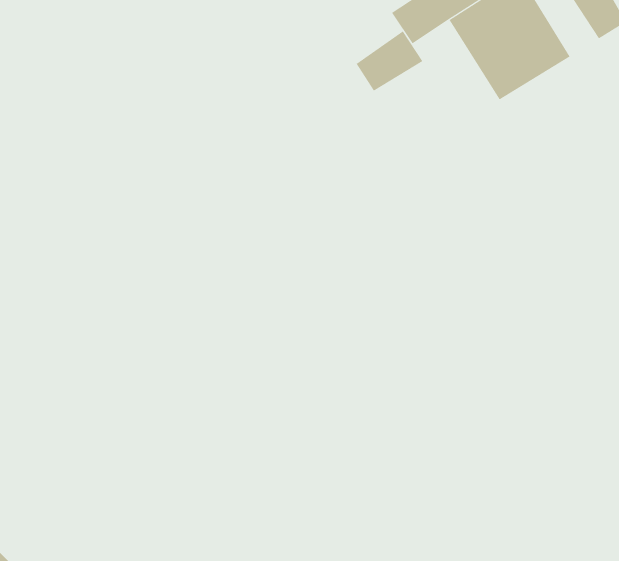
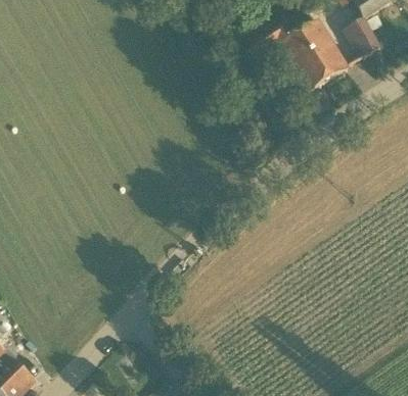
building: [356,30,423,92] -> none

